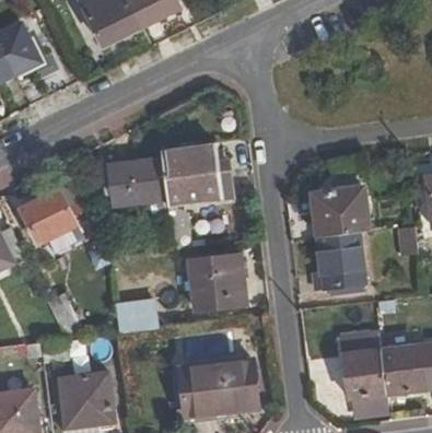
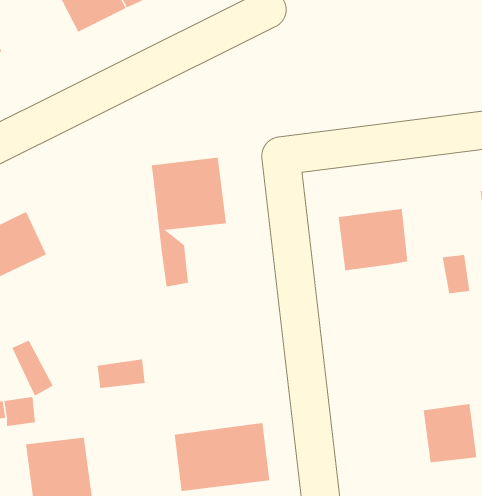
building: [105,160,168,221] -> none
building: [317,232,364,294] -> none
building: [188,255,244,308] -> none
building: [341,330,386,398] -> none

